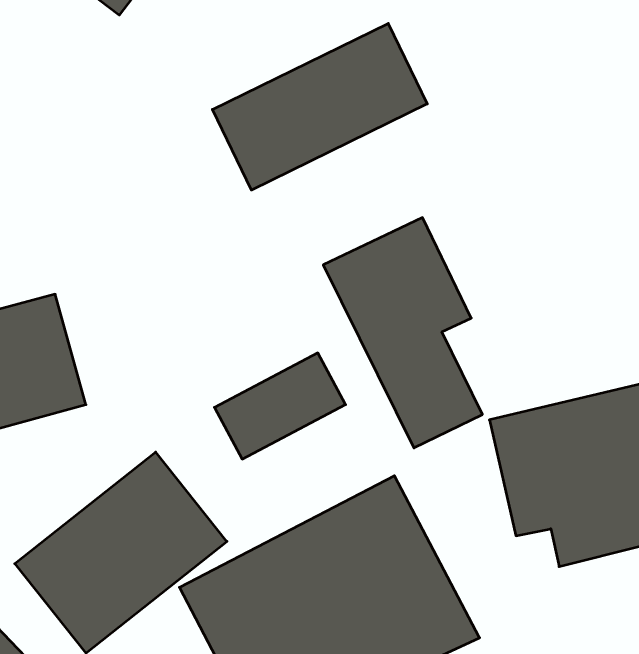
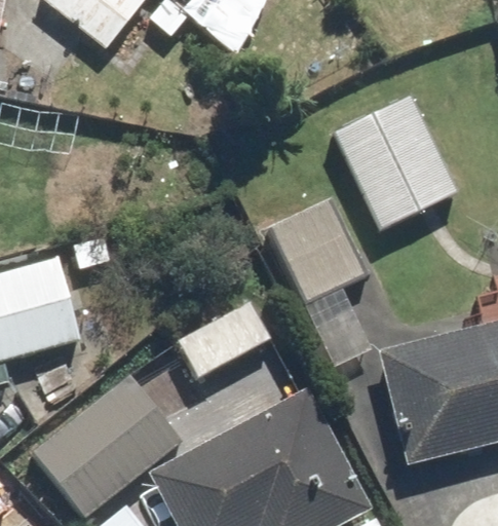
building: [212,23,427,190] -> none
building: none -> [330,92,457,227]

